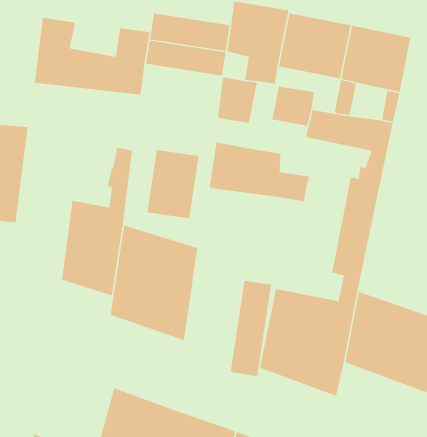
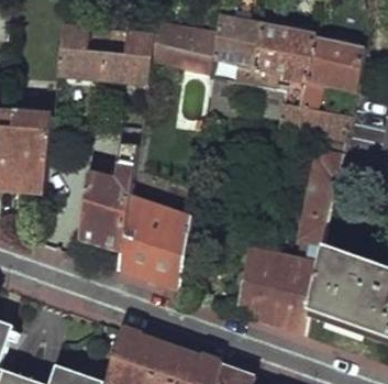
building: [209,141,310,202] -> none
building: [146,149,200,219] -> none
building: [230,280,272,377] -> none

